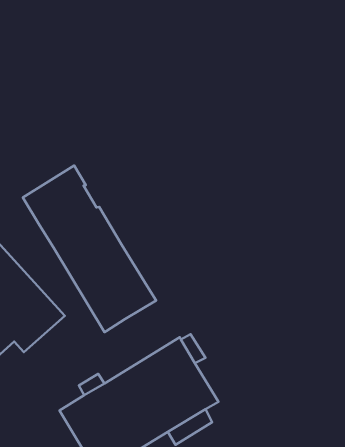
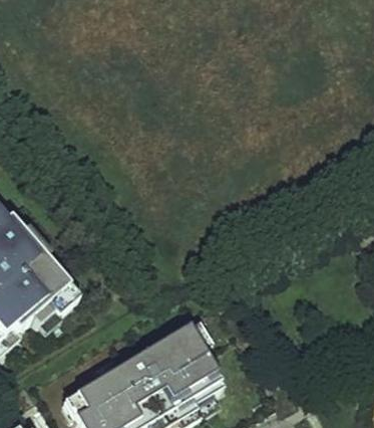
building: [23,166,156,332] -> none

